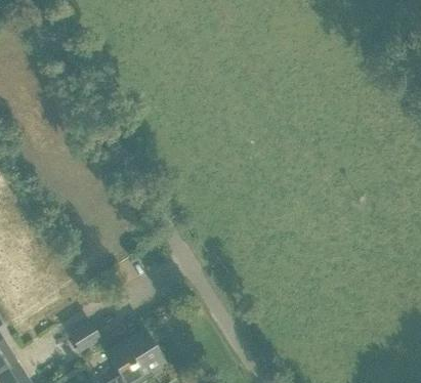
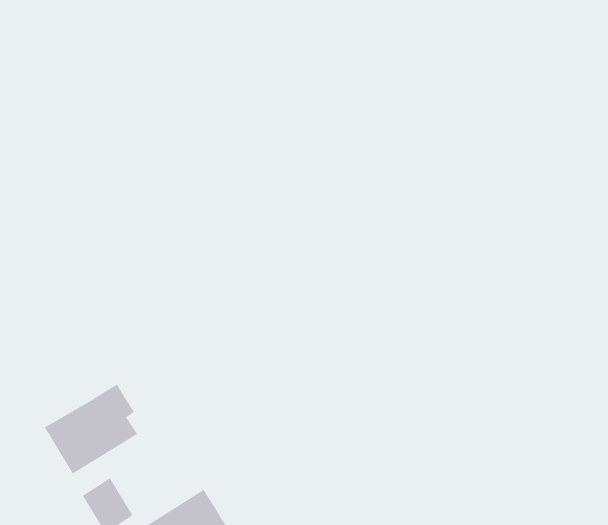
building: none -> [44,383,138,475]

